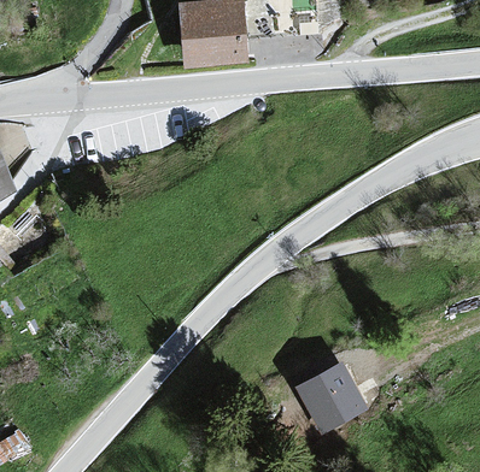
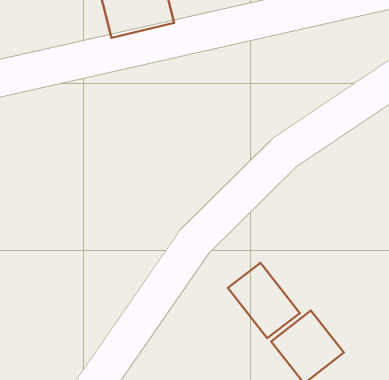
building: none -> [228,263,300,338]

